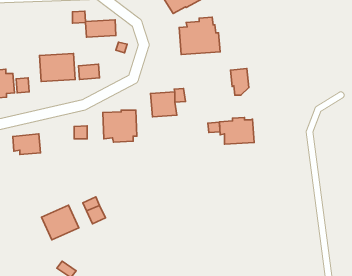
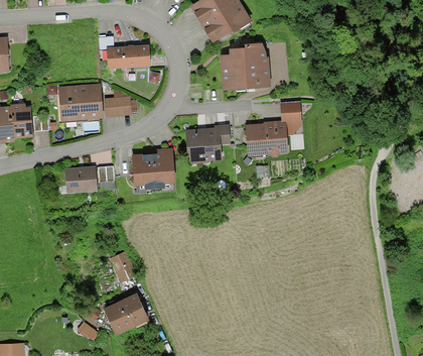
building: [219,117,254,144] -> [247,120,287,151]
building: [13,134,41,155] -> [64,165,97,190]
building: [41,205,79,240] -> [105,296,148,337]

